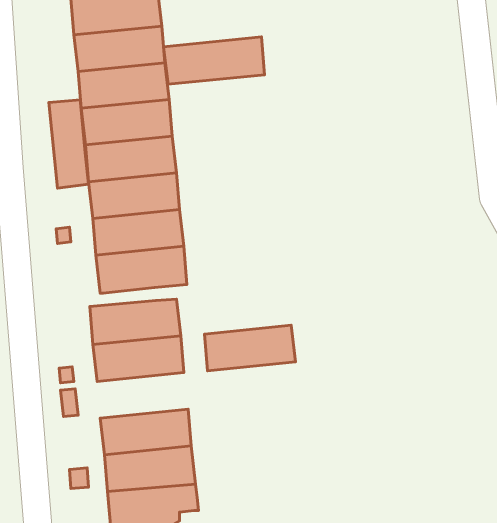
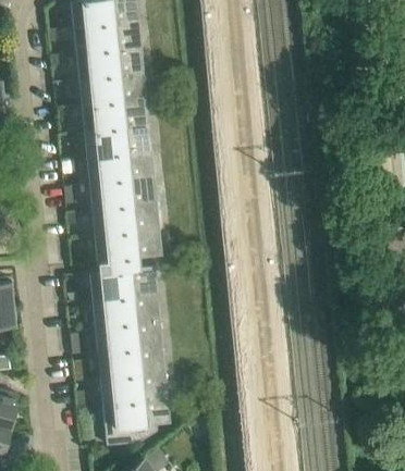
building: [164,37,264,84] -> none
building: [49,100,88,188] -> none
building: [204,325,295,371] -> [95,321,162,355]

